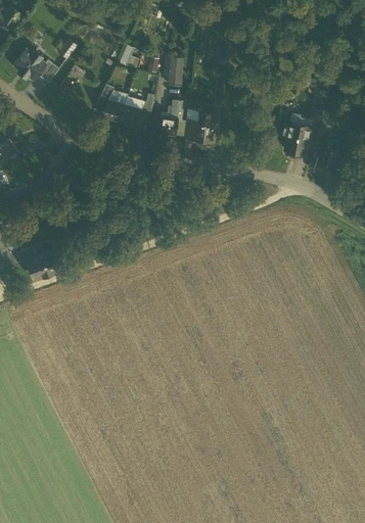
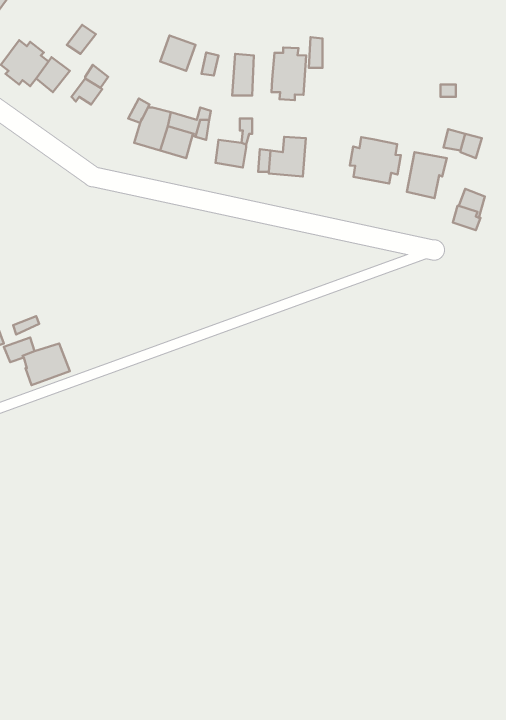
building: none -> [272,47,306,100]
building: none -> [350,137,401,184]

